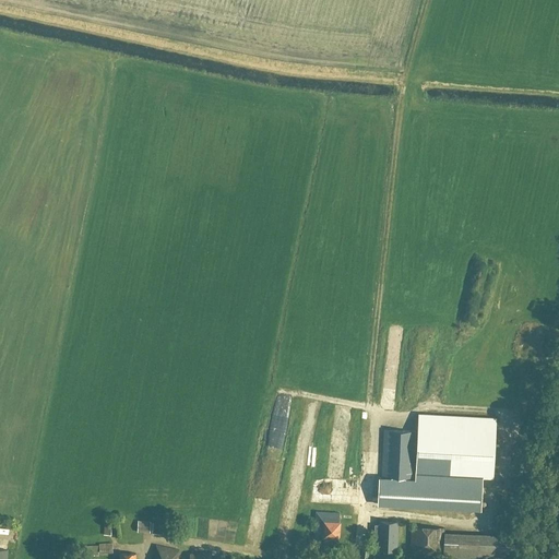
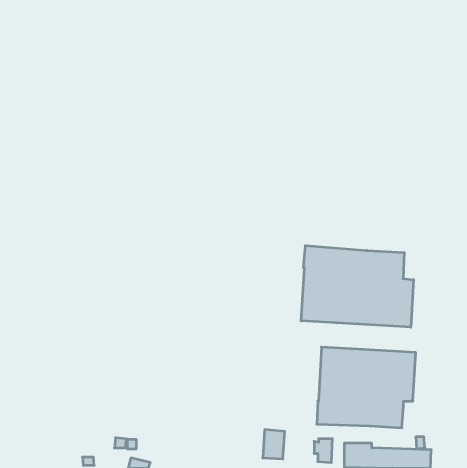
building: none -> [301,246,414,327]

